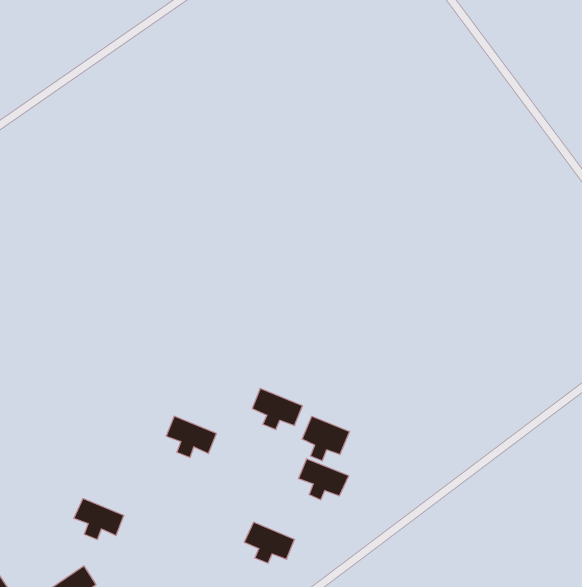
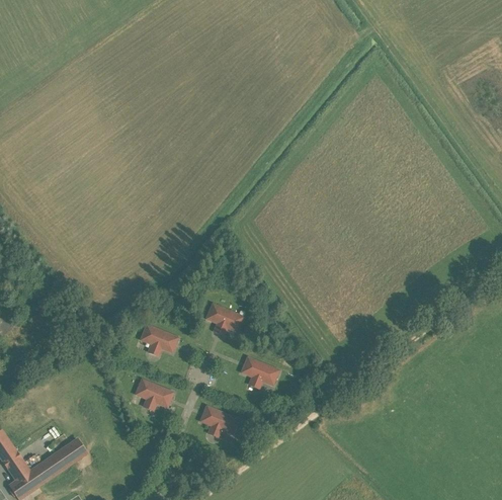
building: [302,416,349,461] -> none
building: [74,498,124,539] -> [135,379,173,410]

